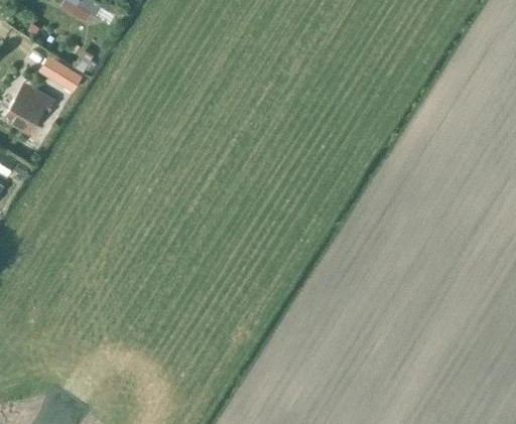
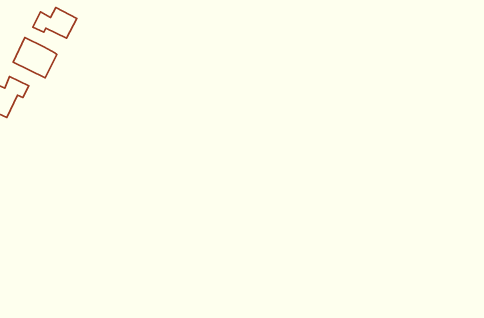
building: none -> [33,8,77,38]

